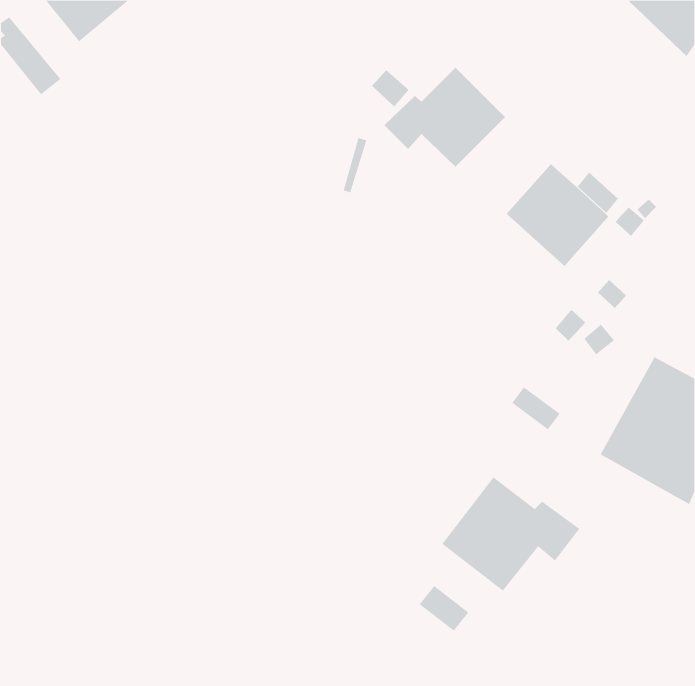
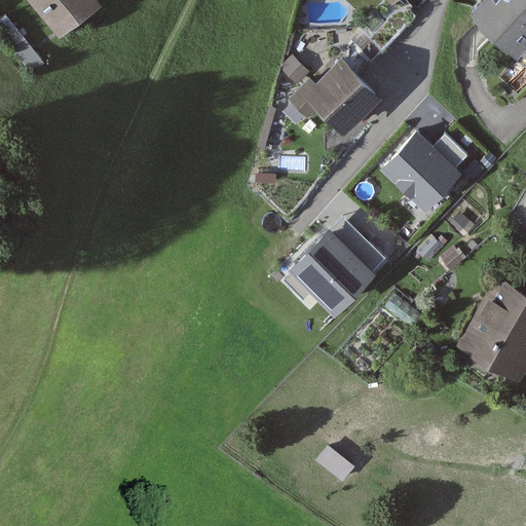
building: none -> [290,214,389,313]
building: [442,476,580,591] -> none

